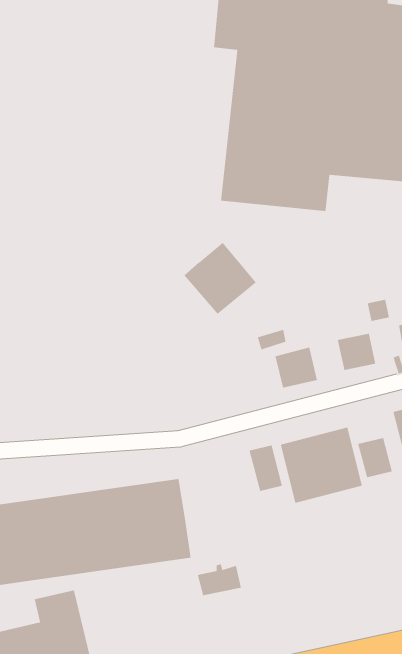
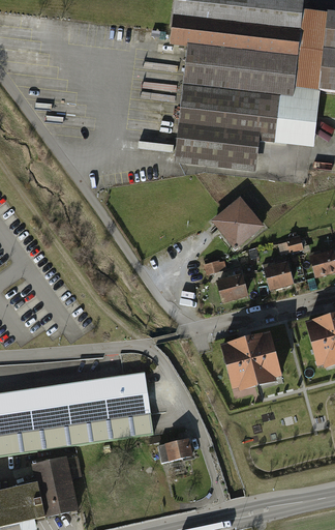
building: [183,242,257,315] -> [211,195,267,251]
building: [357,437,393,478] -> none
building: [249,444,283,492] -> none

